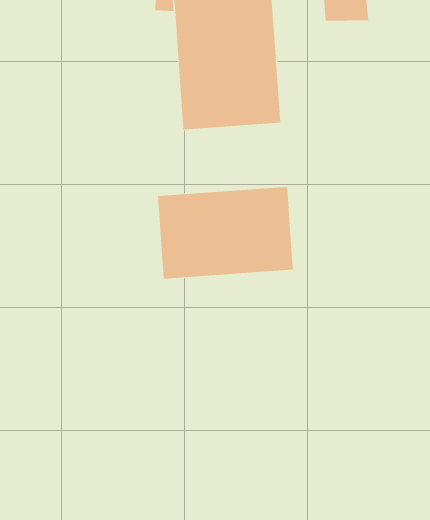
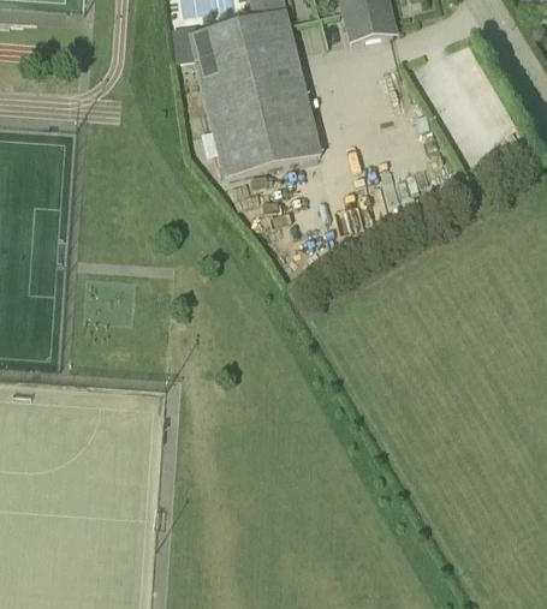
building: [157,186,294,280] -> none

